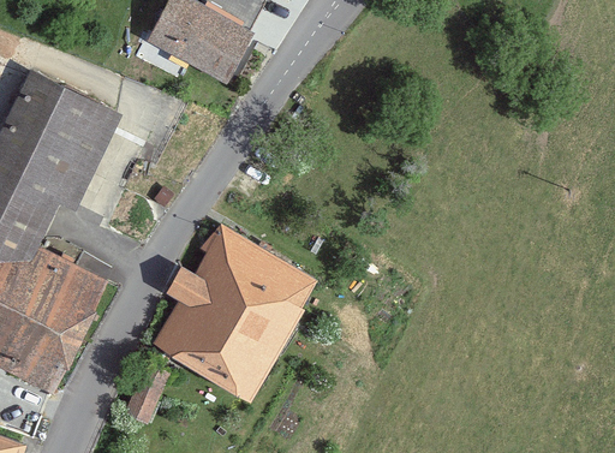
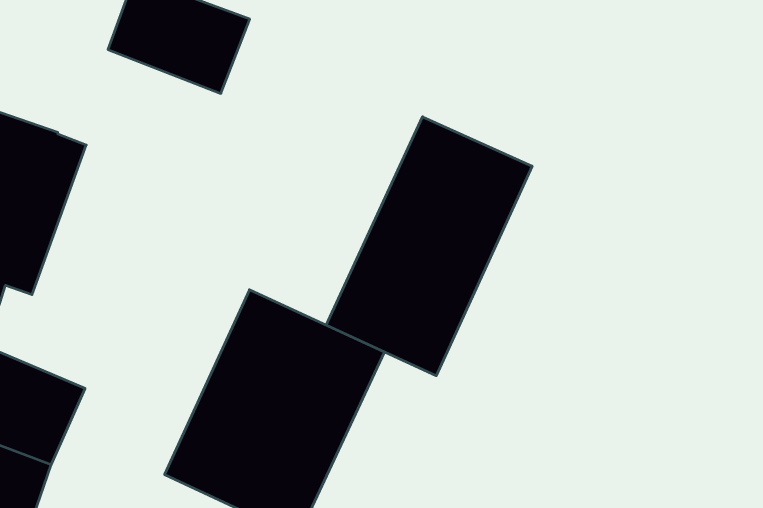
building: none -> [326,117,532,376]

